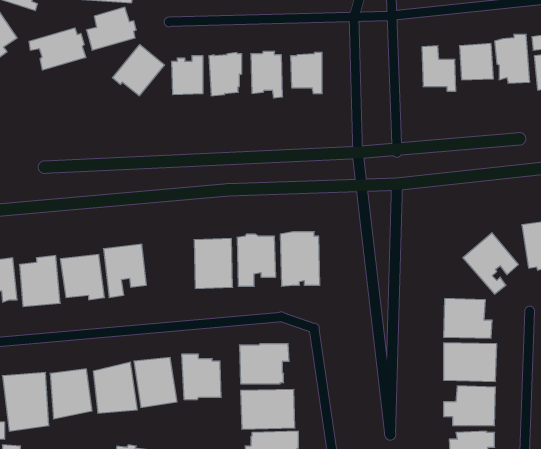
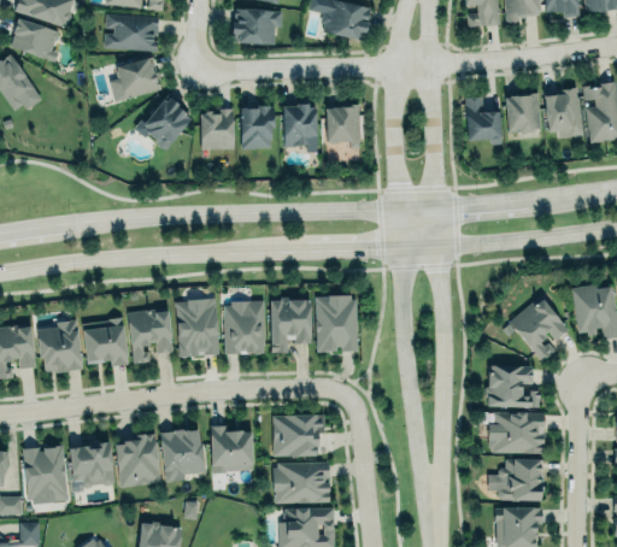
building: [29,28,86,70] -> none
building: none -> [175,299,218,357]

